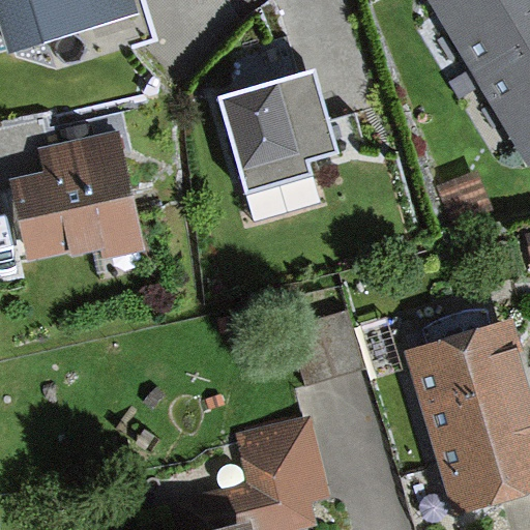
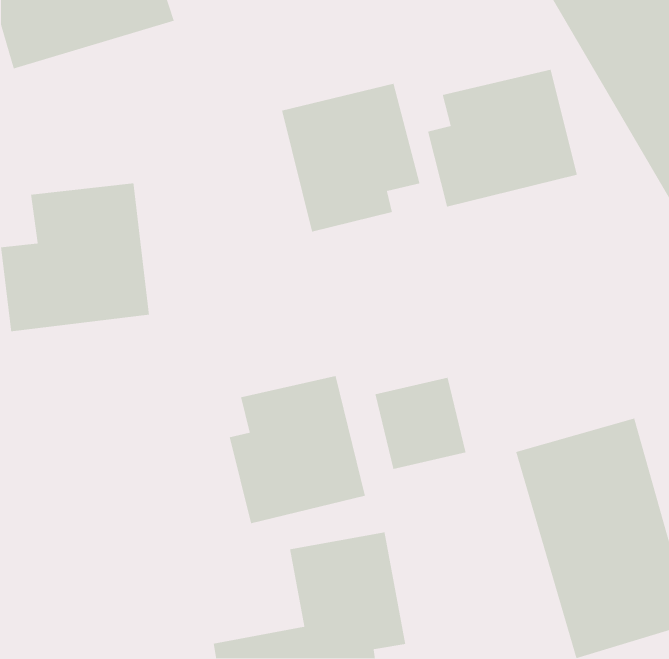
building: none -> [427,69,578,208]
building: none -> [229,375,366,524]

